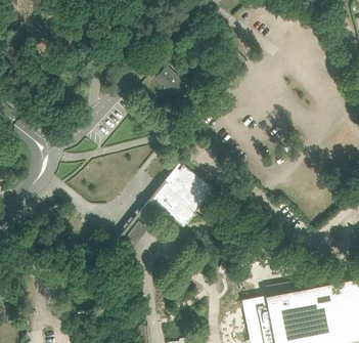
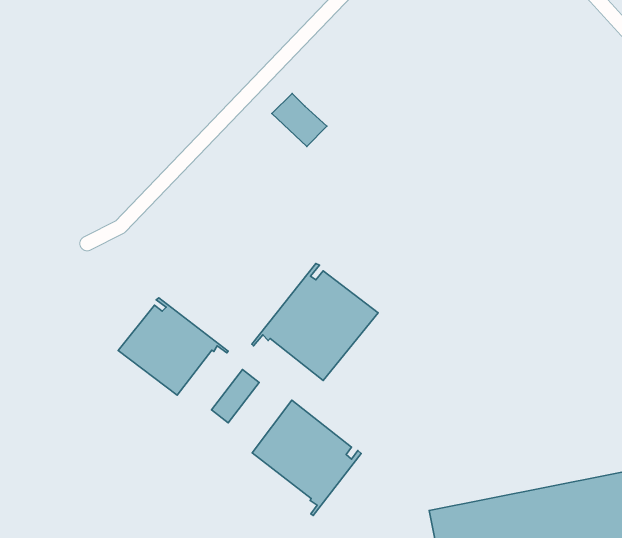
building: none -> [118,298,228,395]
building: none -> [252,400,361,515]

